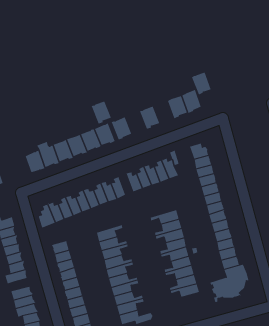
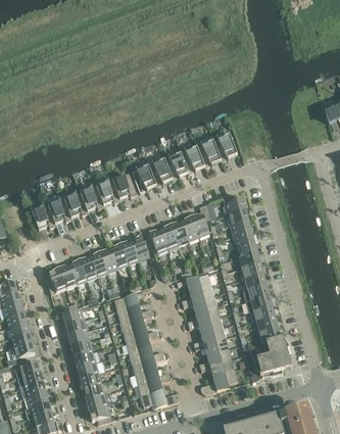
building: [191,72,211,96] -> [181,144,204,172]
building: [91,101,112,124] -> [148,156,173,184]
building: none -> [201,367,238,391]

